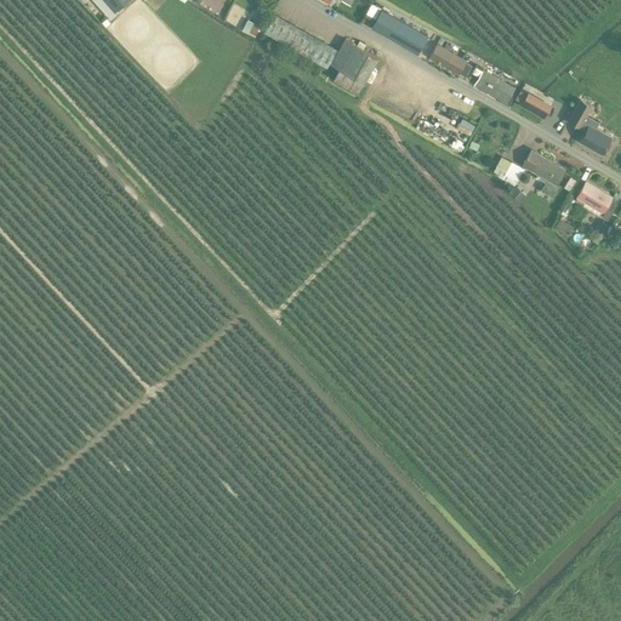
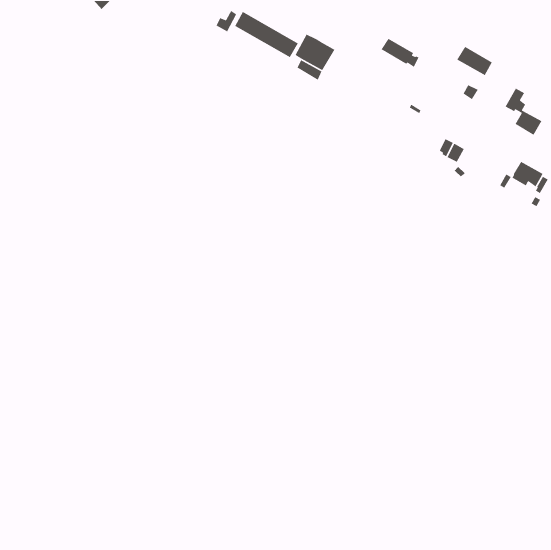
building: [370,10,427,55] -> none
building: [473,70,514,104] -> [456,46,493,76]
building: [522,149,564,184] -> none

